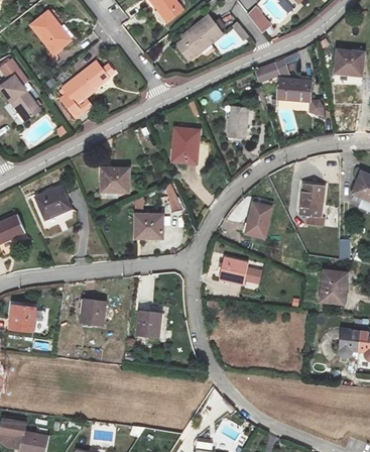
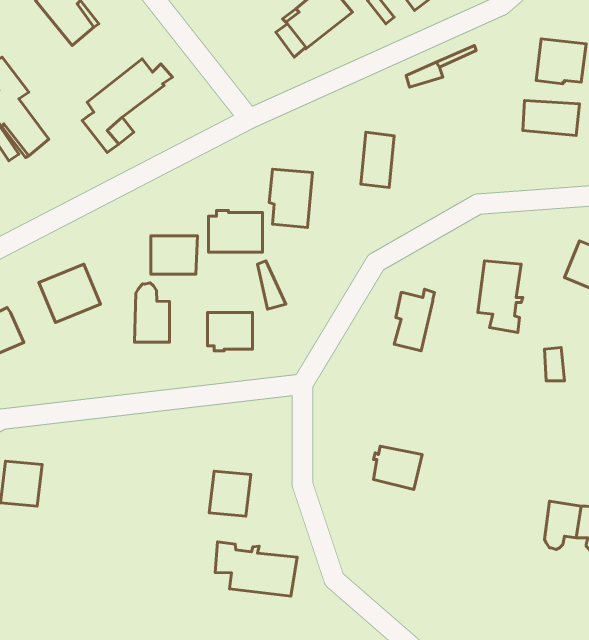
building: [277,79,312,100] -> [523,101,579,136]
building: none -> [208,211,262,252]
building: none -> [135,283,170,342]
building: [219,257,248,284] -> [374,446,422,490]
building: [321,269,347,303] -> none
building: [81,298,106,326] -> none
building: none -> [215,542,297,596]

